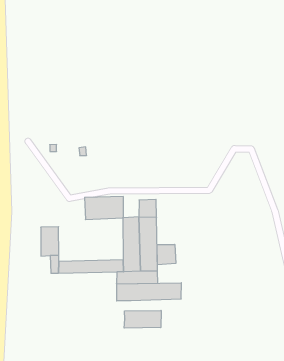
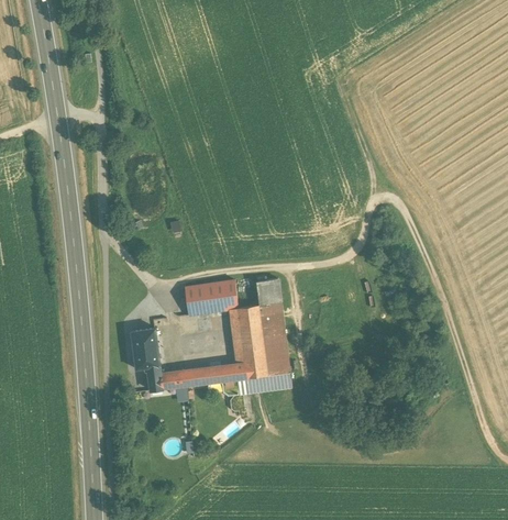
building: [157,244,176,265] -> none
building: [117,283,181,301] -> none
building: [124,310,161,328] -> none

